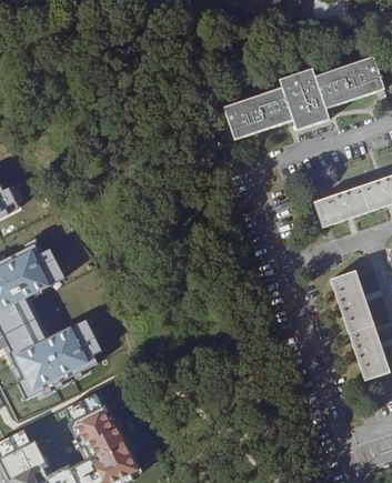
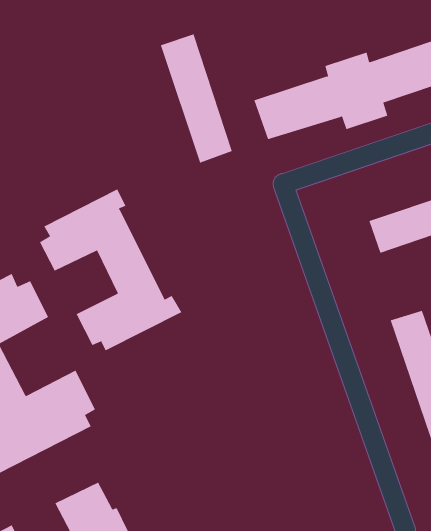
building: none -> [160,34,233,164]
building: none -> [39,189,182,351]

